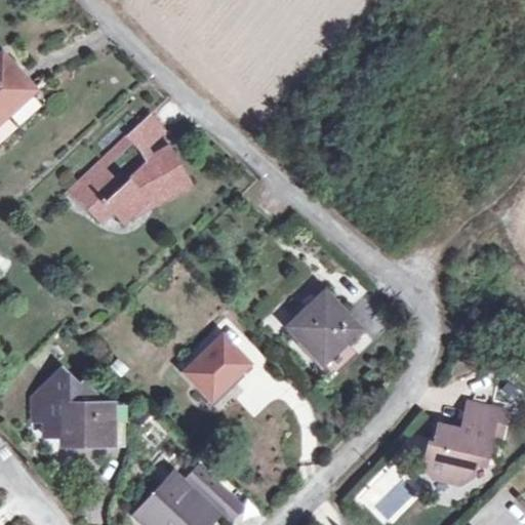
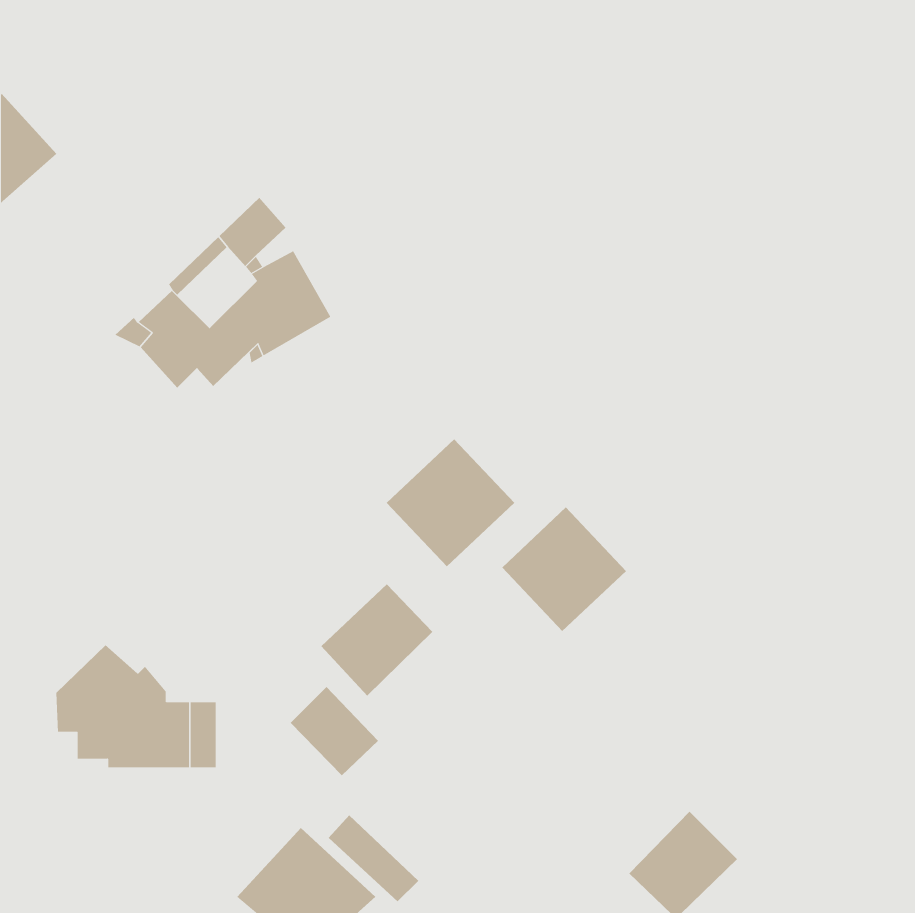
building: none -> [386,438,515,567]
building: none -> [290,686,379,776]
building: [423,405,498,484] -> none

